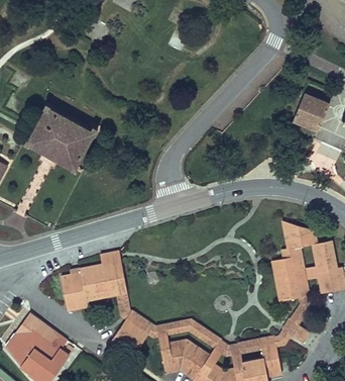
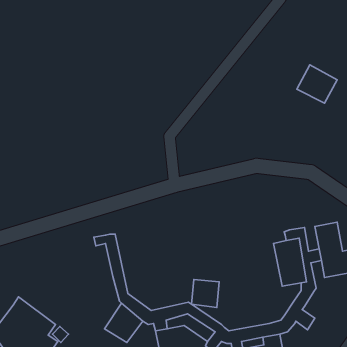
building: [29,105,100,166] -> none
building: [281,222,317,249] -> none
building: [63,262,119,310] -> none
building: none -> [192,280,219,307]

